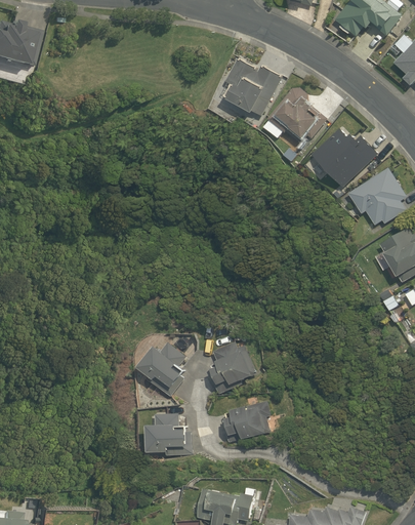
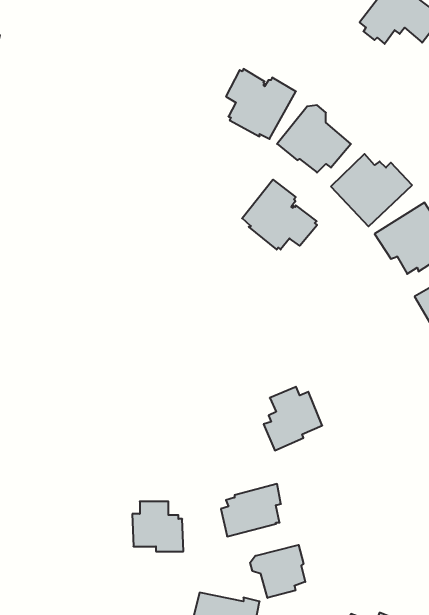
building: none -> [242,180,317,250]
building: [139,341,186,396] -> none
building: [208,341,256,394] -> [264,387,322,450]
building: none -> [250,545,305,598]

